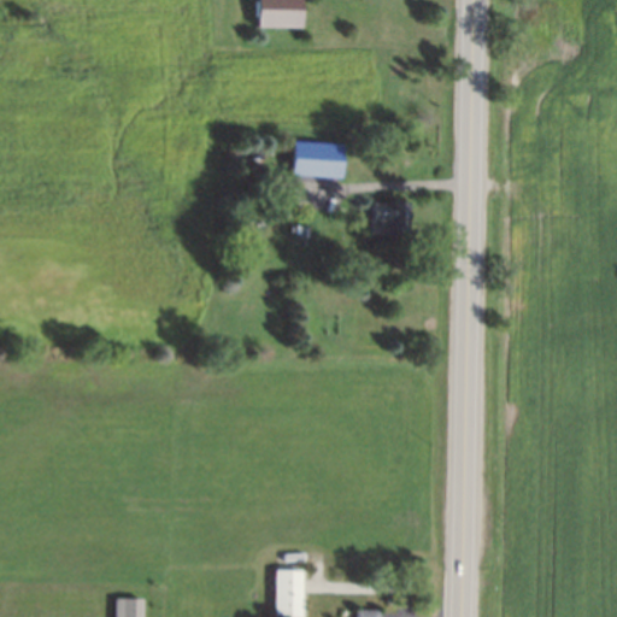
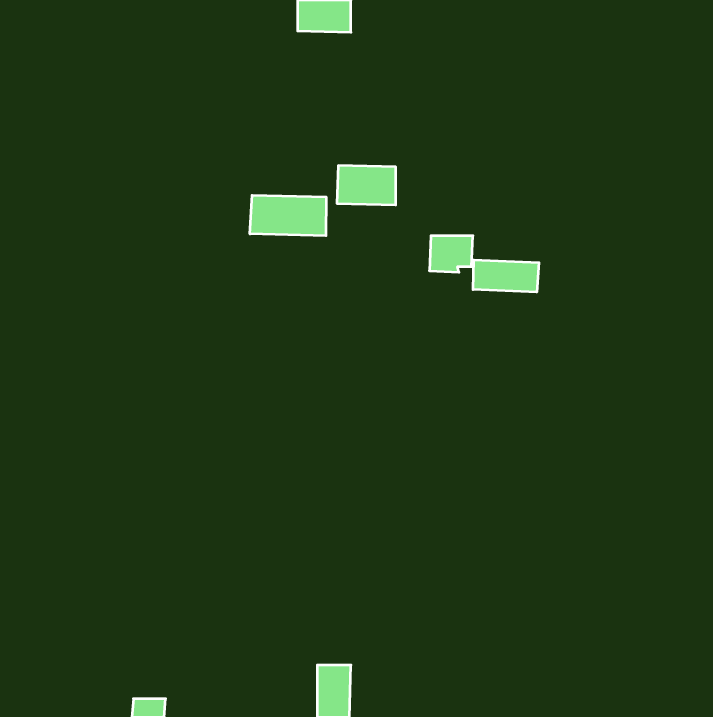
building: none -> [250,195,326,236]
building: none -> [473,260,539,292]

